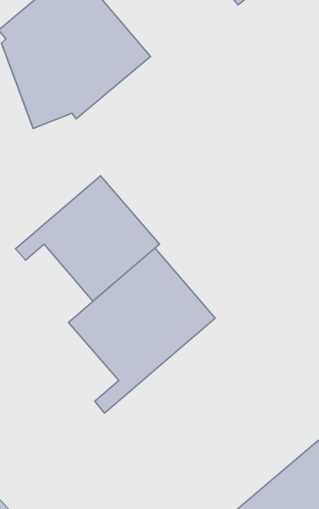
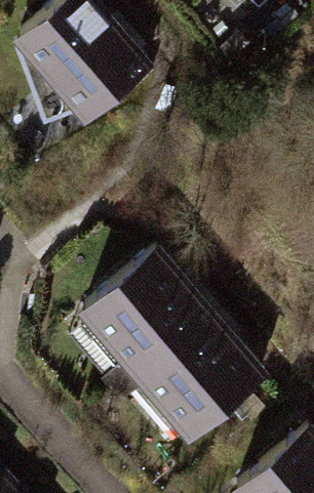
building: [15,176,159,301] -> none
building: none -> [111,310,269,443]

